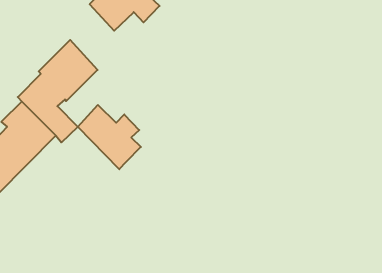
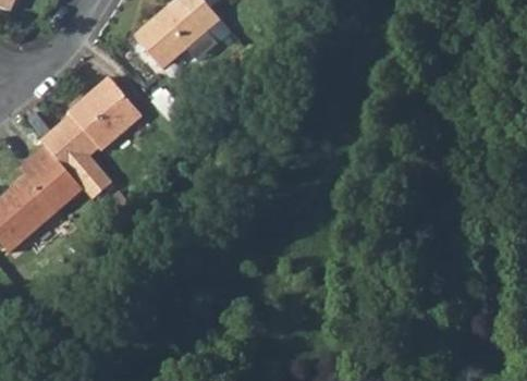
building: [78,105,141,169] -> none

